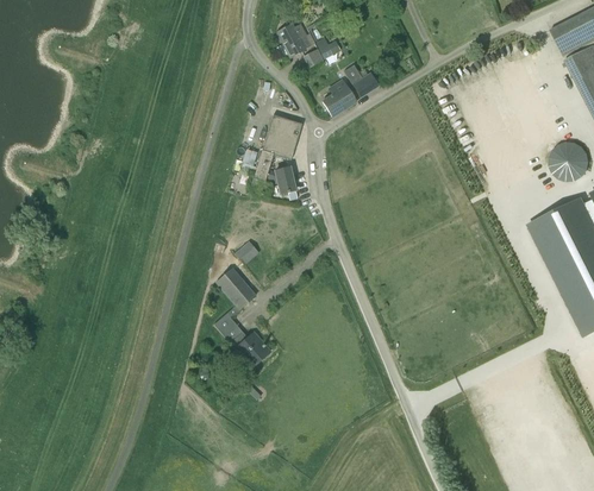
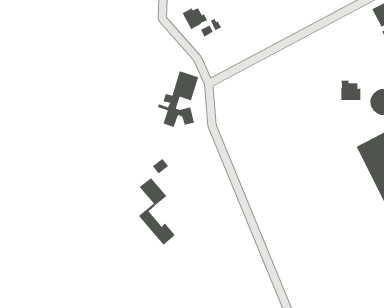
building: [345,67,380,99] -> none
building: [324,81,356,117] -> none
building: none -> [340,80,361,101]

